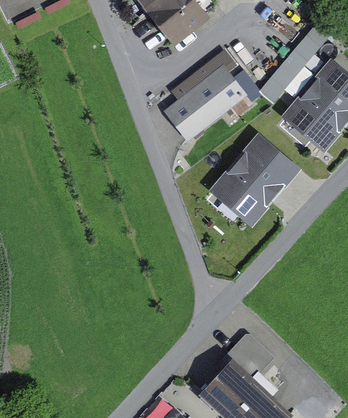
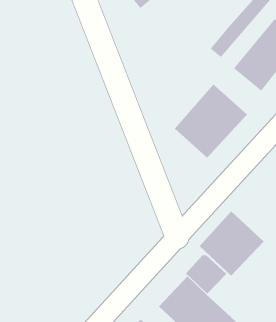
building: [171,62,247,137] -> none
building: none -> [199,210,265,277]

